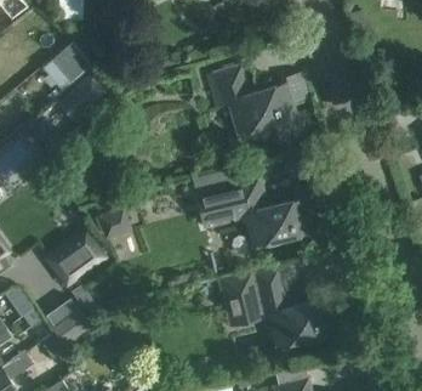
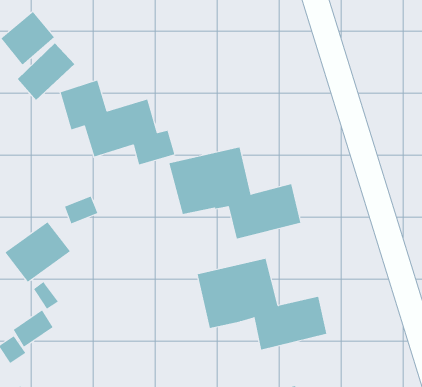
building: [207,64,310,141] -> [60,80,175,165]

